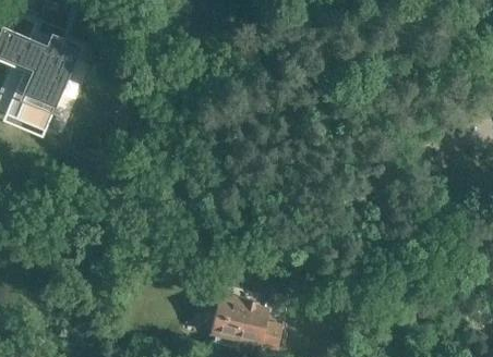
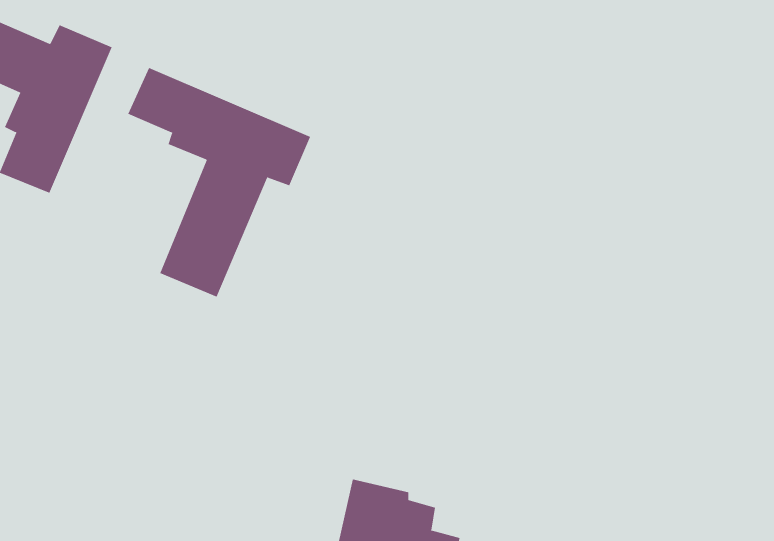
building: none -> [127,67,311,298]

